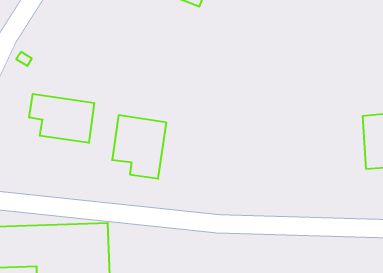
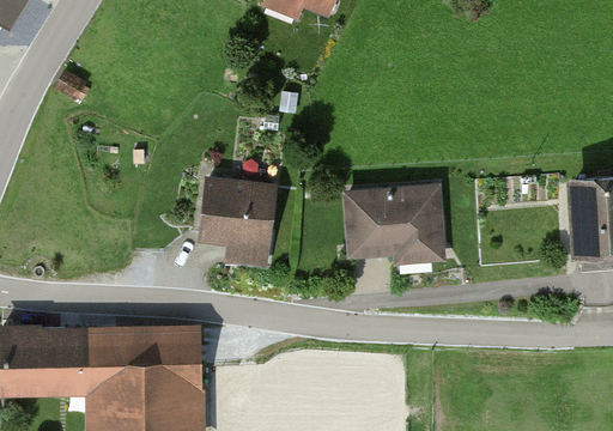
building: [29,94,94,143] -> none
building: none -> [345,181,447,261]

